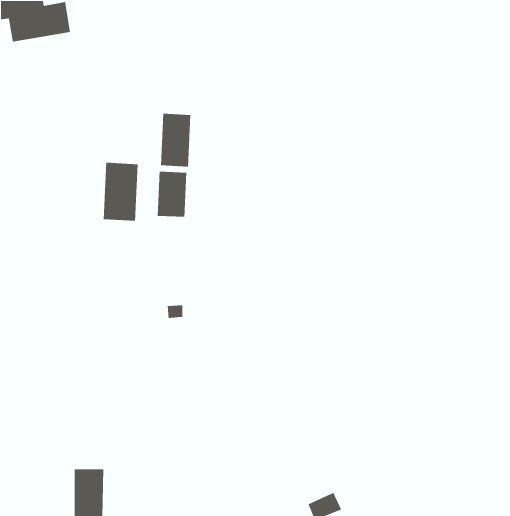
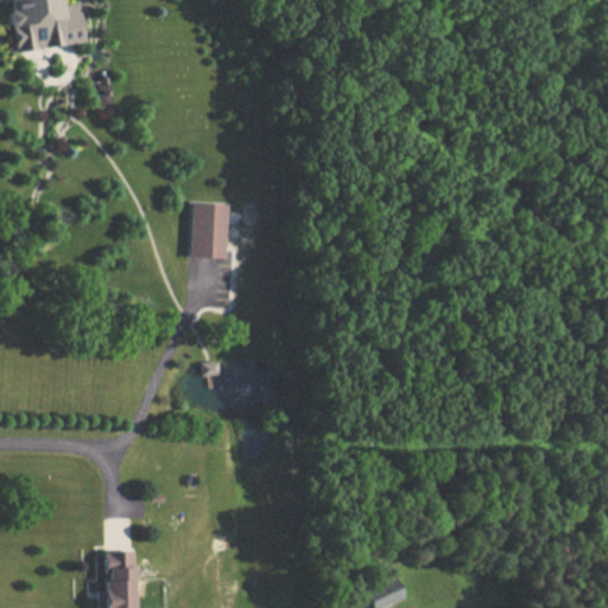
building: [160,113,191,168] -> none
building: [103,162,138,221] -> none

